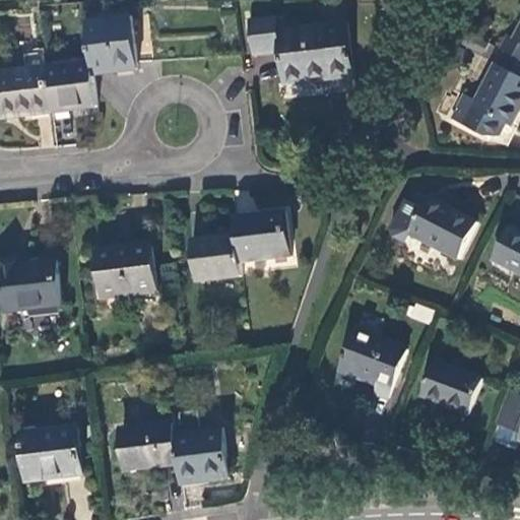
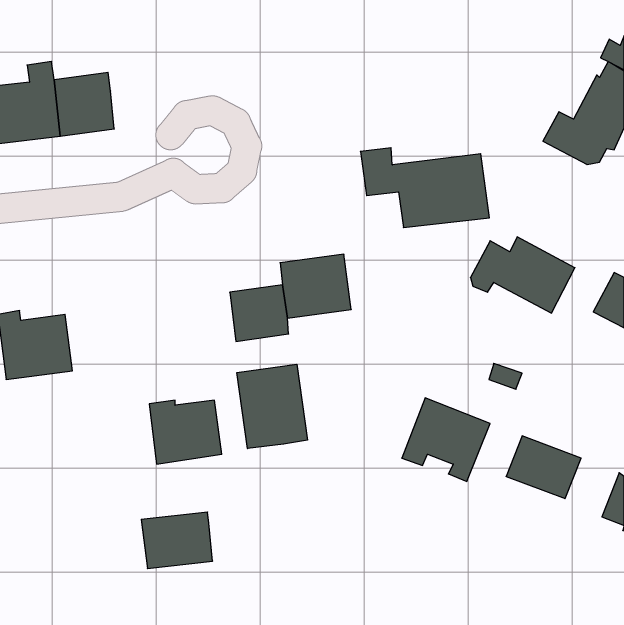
building: [84,14,135,75] -> none
building: [245,16,351,82] -> [360,148,489,228]
building: [94,246,154,299] -> [149,400,222,464]
building: none -> [237,364,307,449]
building: [20,426,82,480] -> none
building: [173,427,228,484] -> none

